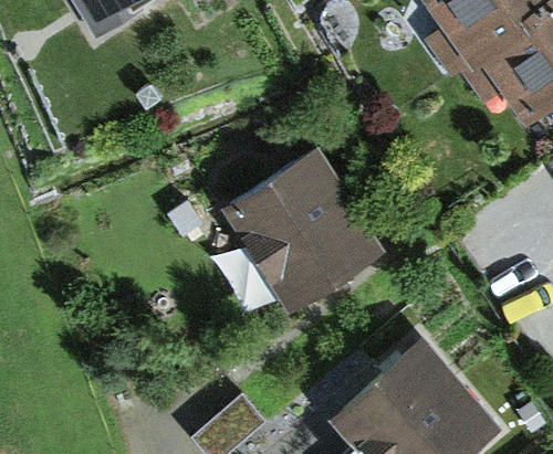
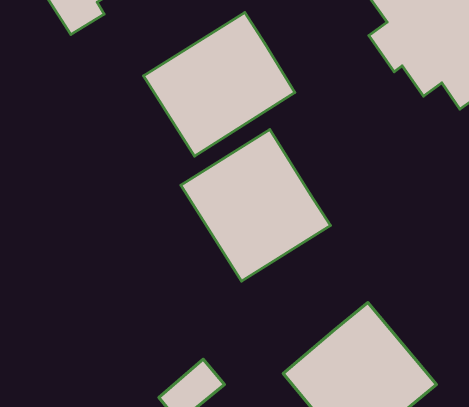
building: none -> [143,12,295,156]

